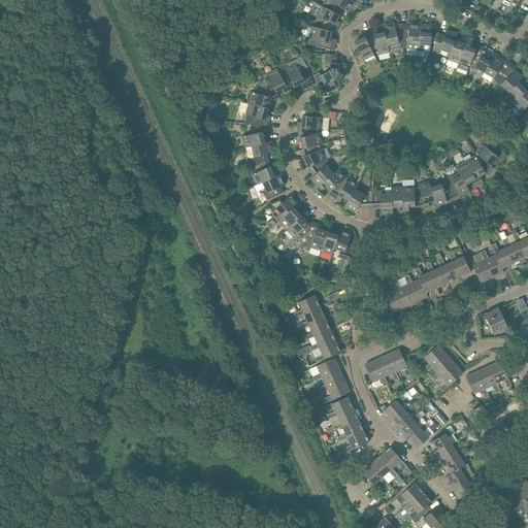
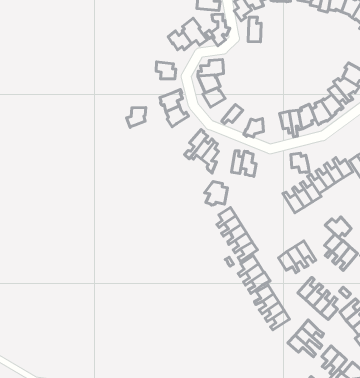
building: none -> [248,17,261,42]
building: [249,82,279,108] -> none
building: [242,125,268,148] -> [126,108,146,127]
building: [307,160,333,188] -> none
building: [261,173,286,201] -> none
building: [329,177,359,201] -> none
building: [372,191,393,216] -> [291,153,309,173]
building: [299,222,328,252] -> [205,181,227,205]
building: none -> [325,217,351,238]

